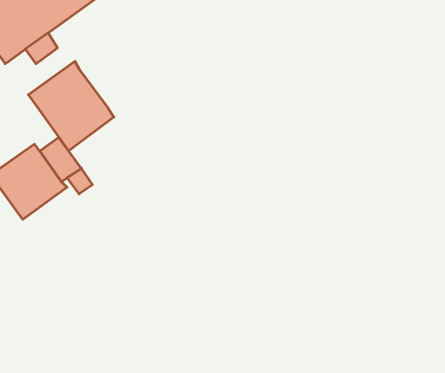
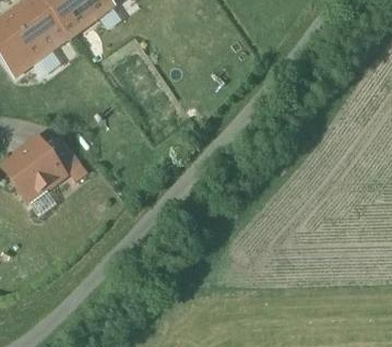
building: [28,61,114,151] -> none

